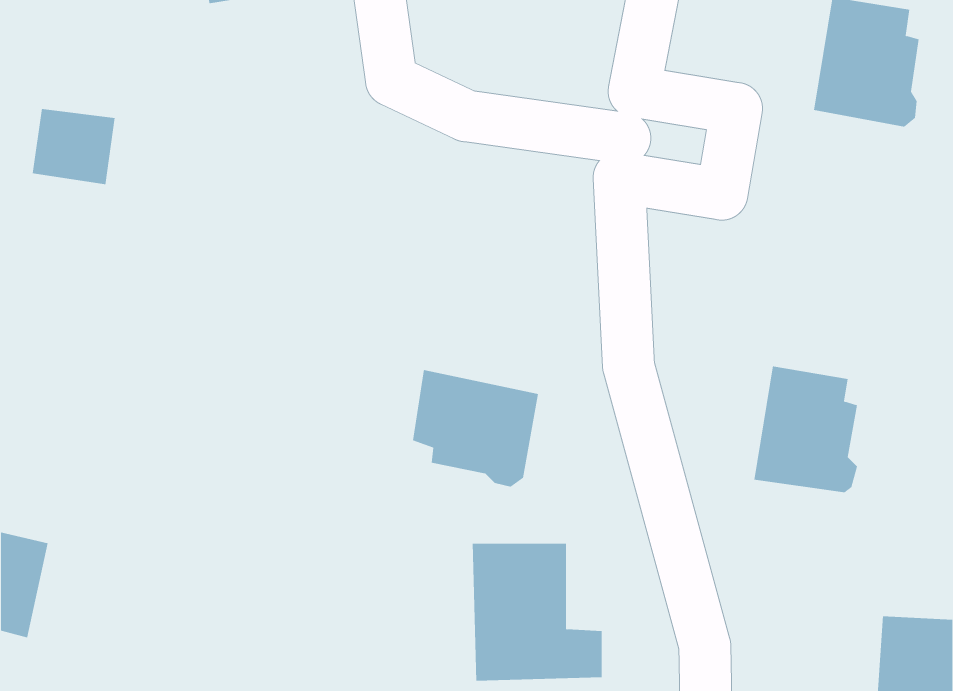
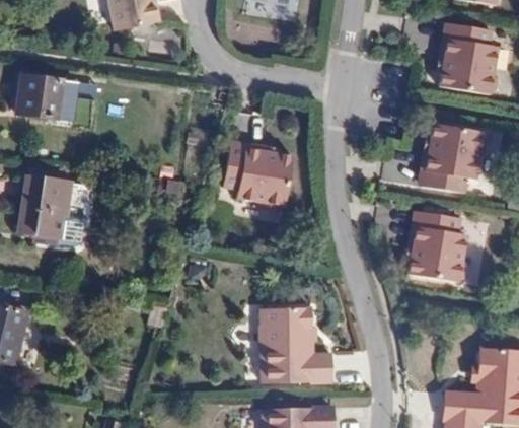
building: none -> [424,126,488,195]
building: none -> [21,174,69,236]
building: [412,369,539,487] -> [223,147,292,211]

